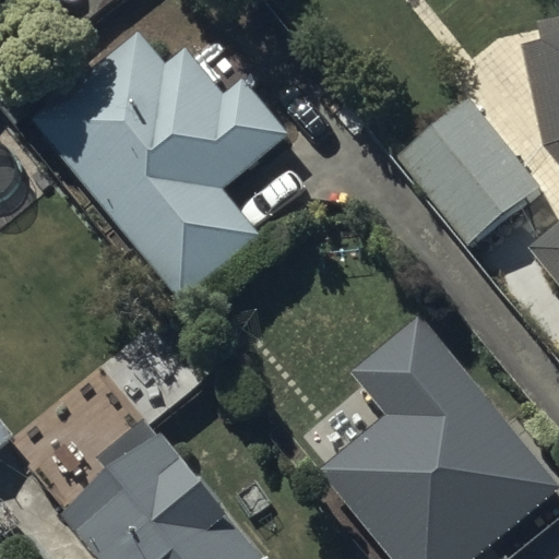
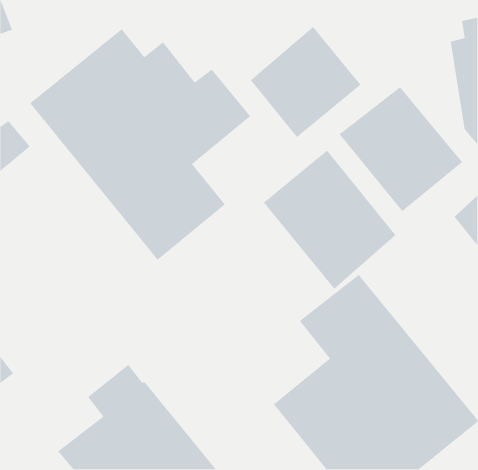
building: none -> [250,26,361,138]
building: none -> [263,150,397,290]

